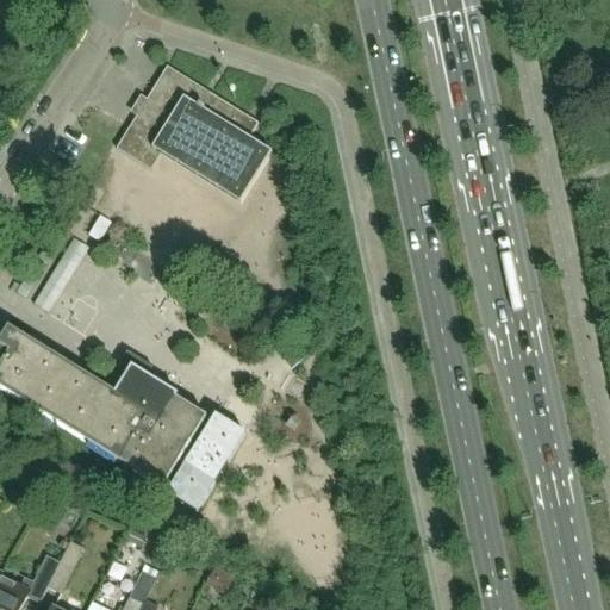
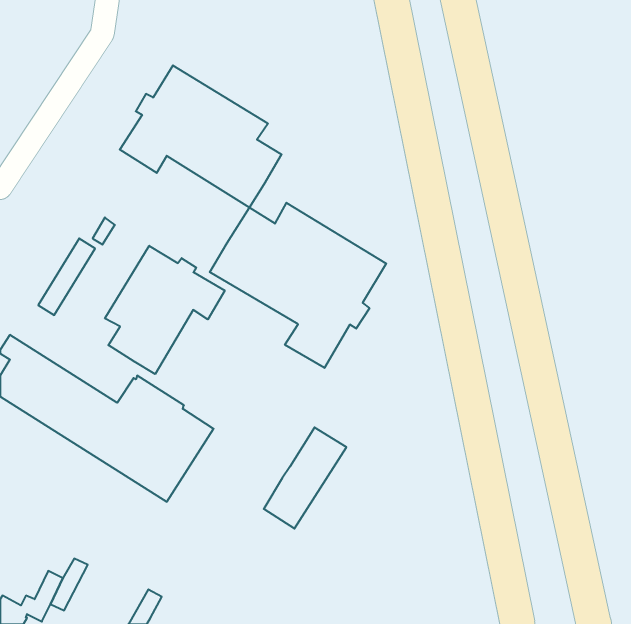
building: none -> [210,203,386,368]
building: none -> [105,246,225,374]
building: [166,411,245,509] -> [264,427,346,529]

